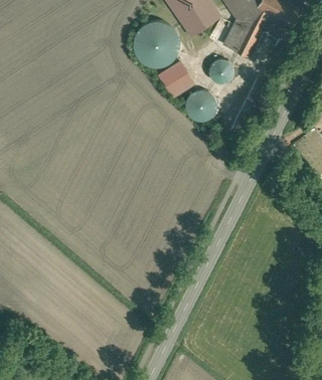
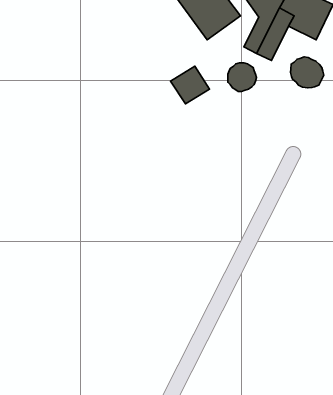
building: [135,22,180,67] -> none
building: none -> [290,57,324,88]
building: [185,89,216,121] -> none

